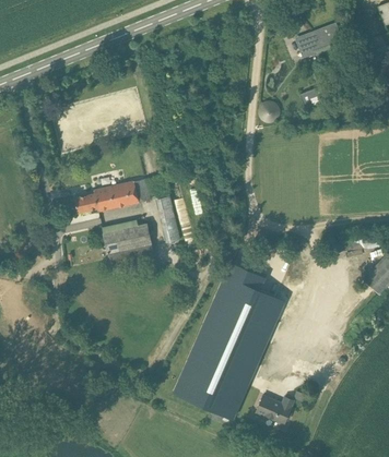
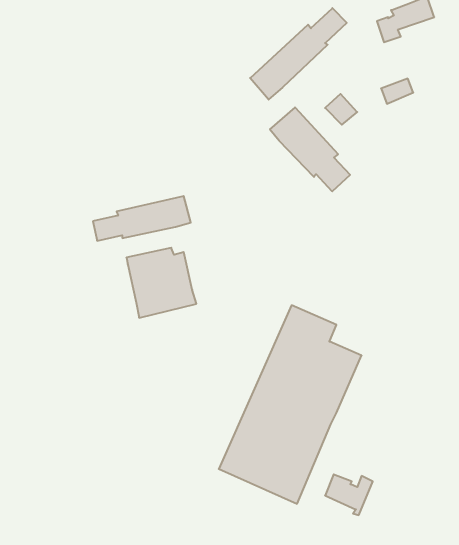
building: none -> [250,8,347,100]
building: none -> [270,107,350,191]
building: [154,197,179,243] -> none

